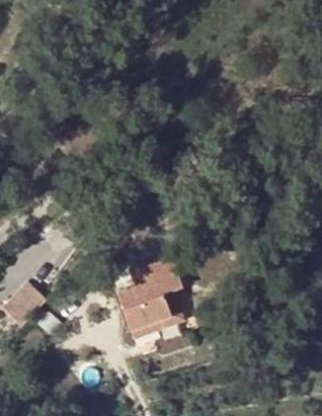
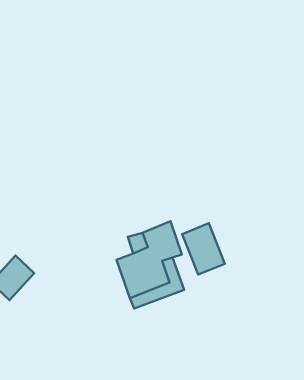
building: none -> [182,223,225,275]

